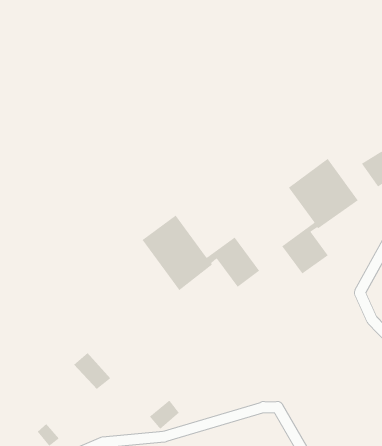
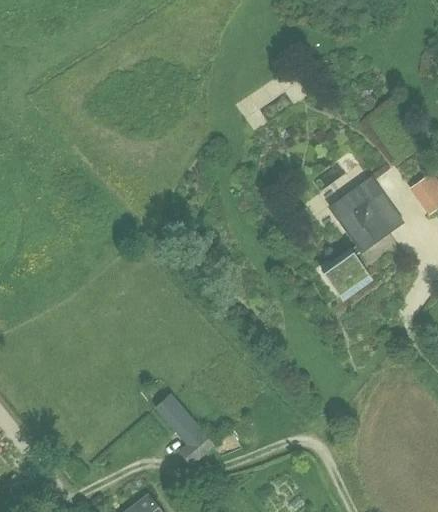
building: [141,215,260,291] -> none
building: [73,352,111,390] -> [156,395,196,435]

